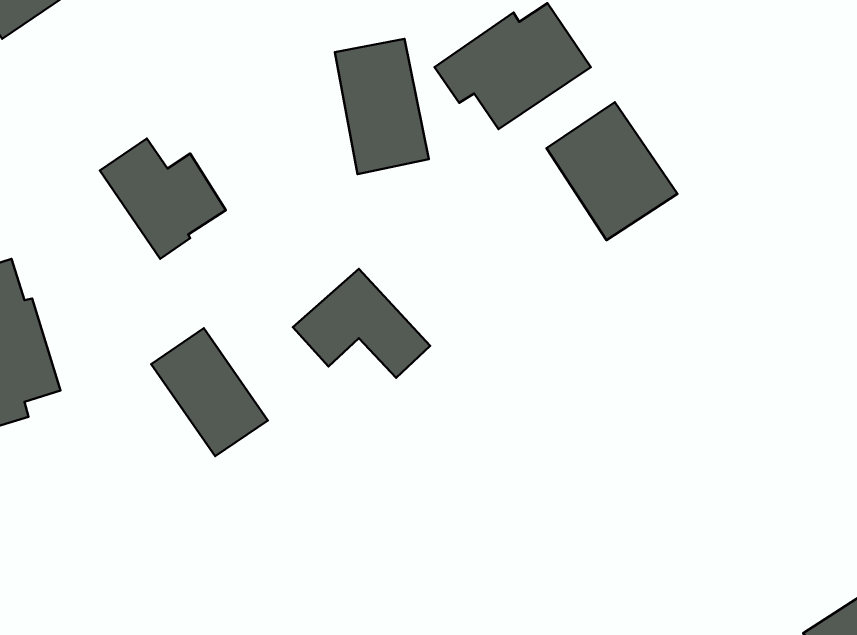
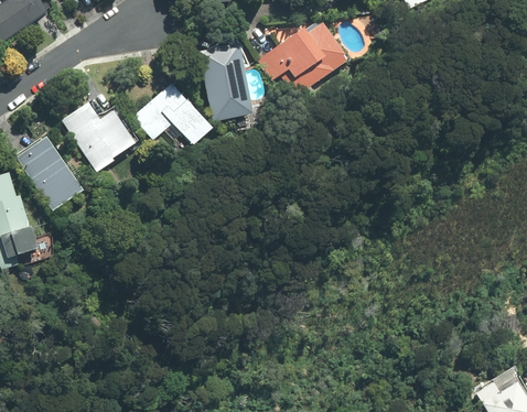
building: [547,102,677,240] -> none
building: [293,269,430,378] -> [132,82,213,145]
building: [151,328,268,456] -> [15,135,84,210]

